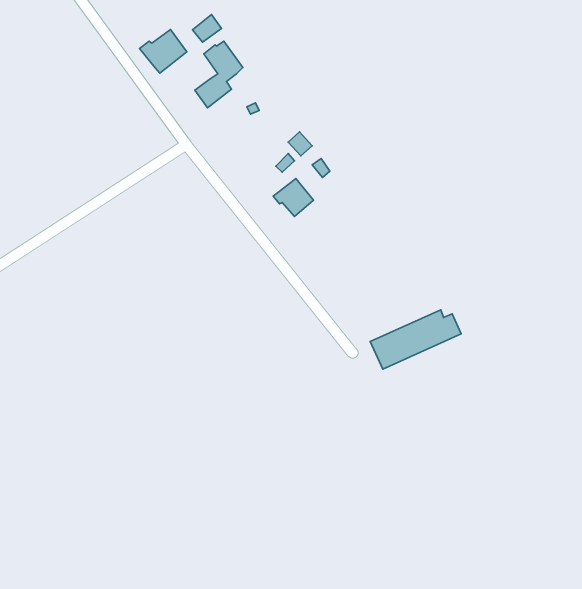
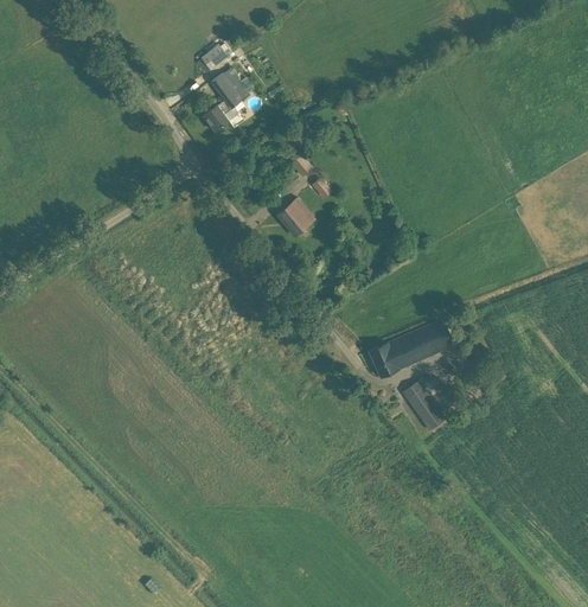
building: [140,30,187,73] -> none
building: none -> [401,381,445,430]

